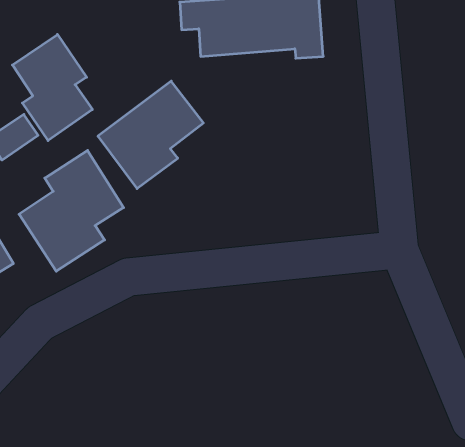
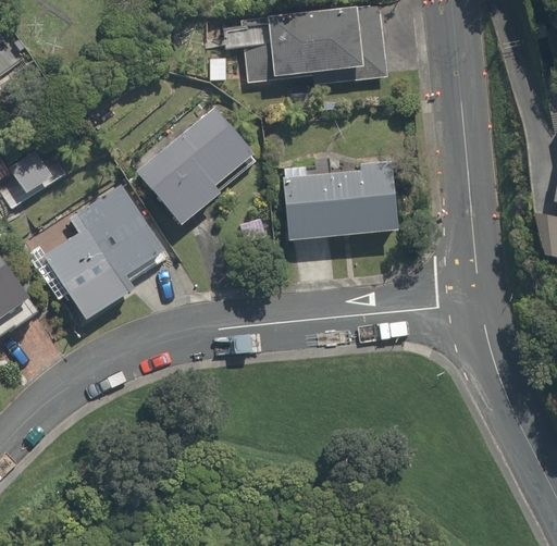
building: [12,34,92,141] -> none
building: none -> [280,159,398,244]

